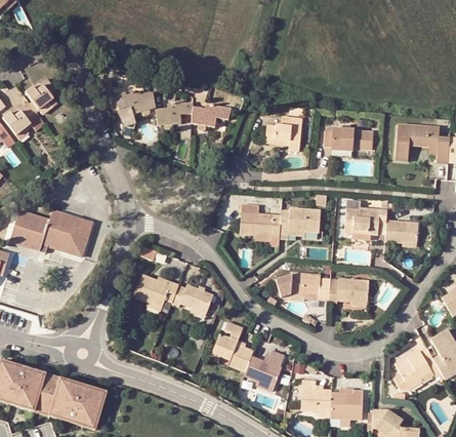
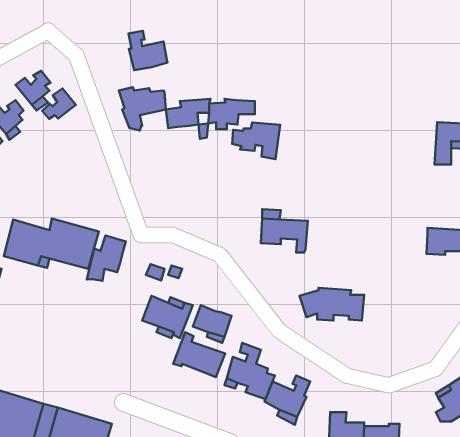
building: none -> [129,31,167,70]
building: none -> [42,89,76,119]
building: [268,119,310,151] -> [232,123,280,159]
building: [321,120,370,149] -> none
building: [278,205,318,238] -> none
building: [342,207,384,240] -> none
building: none -> [87,235,126,281]
building: [327,275,366,301] -> none
building: none -> [173,332,225,377]

